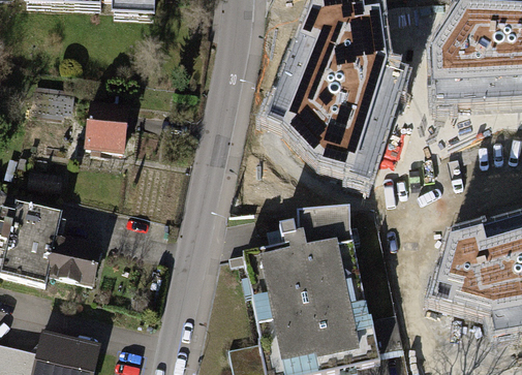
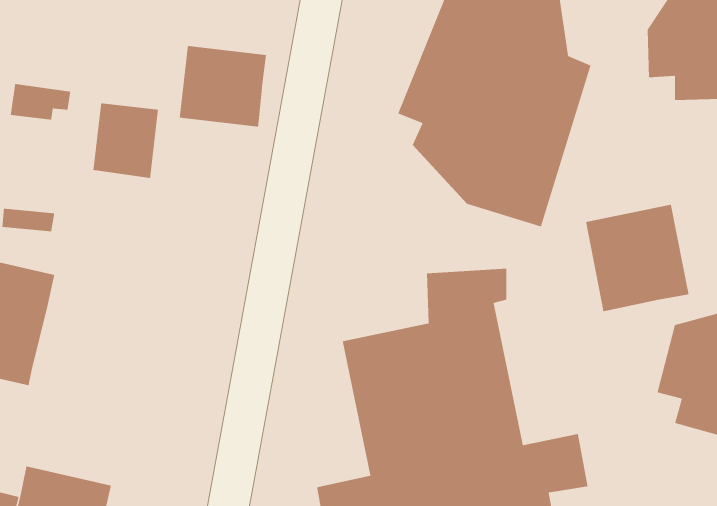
building: none -> [179,45,267,127]
building: none -> [585,204,689,312]
building: [45,227,99,280] -> none

